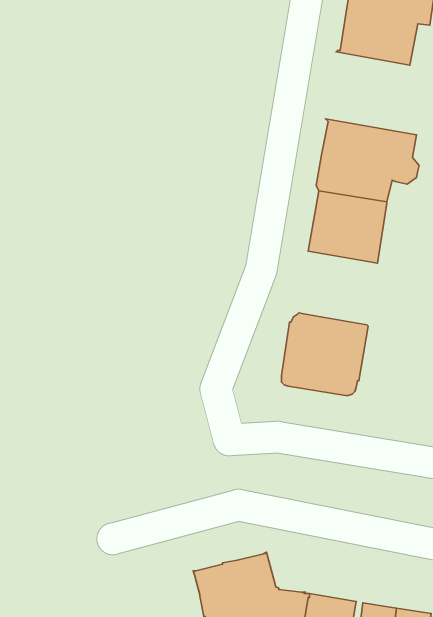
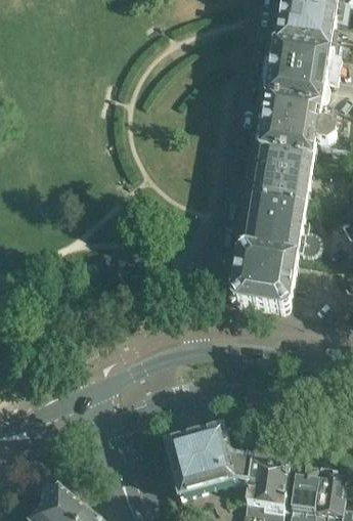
building: none -> [263,45,339,106]
building: none -> [244,198,304,254]

